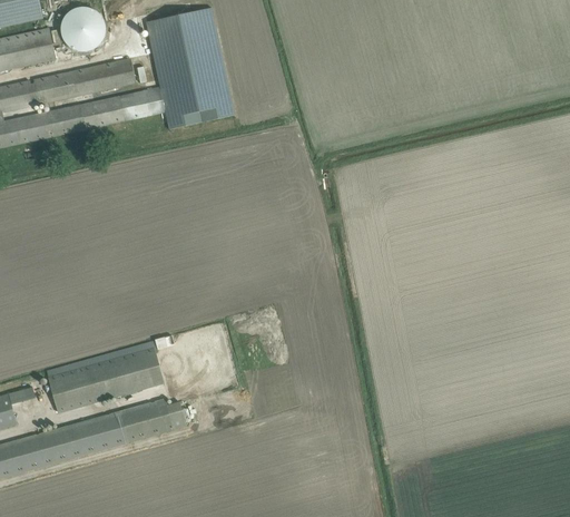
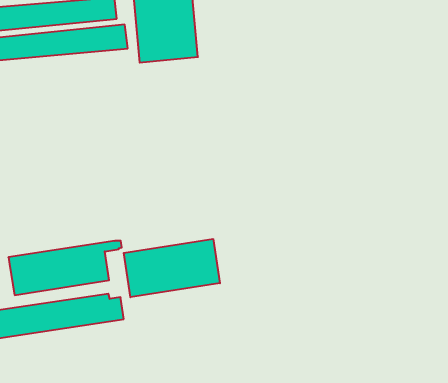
building: none -> [124,239,220,297]

